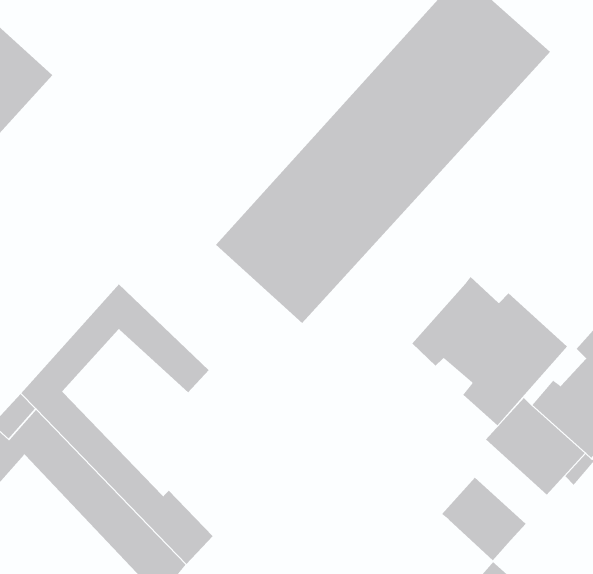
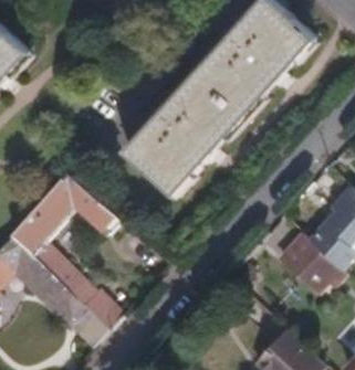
building: [411,276,568,426] -> none
building: [441,477,527,561] -> none

